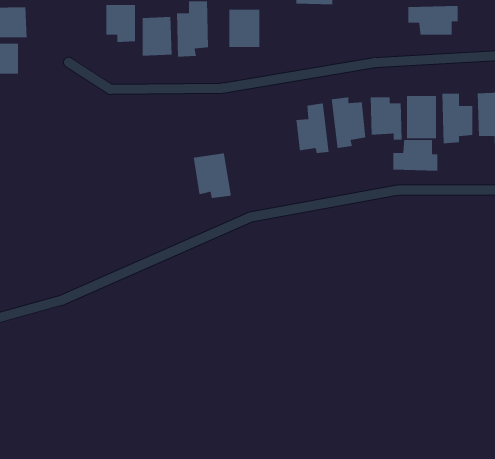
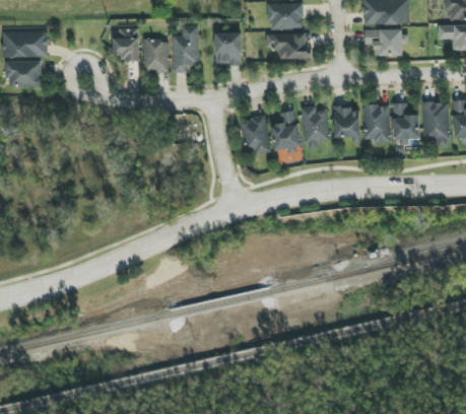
building: none -> [266,32,311,59]
building: [393,139,438,172] -> none
building: [193,152,232,199] -> [239,116,271,154]

